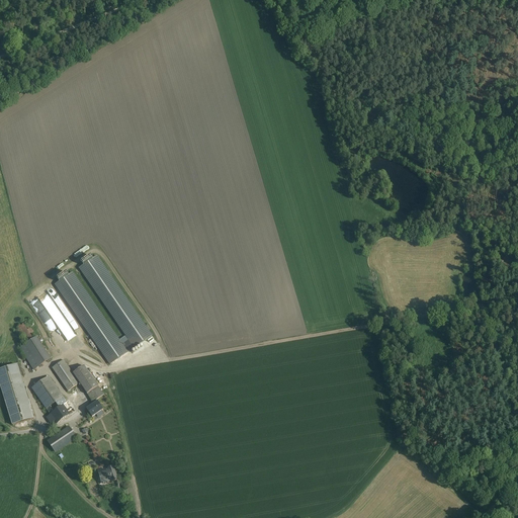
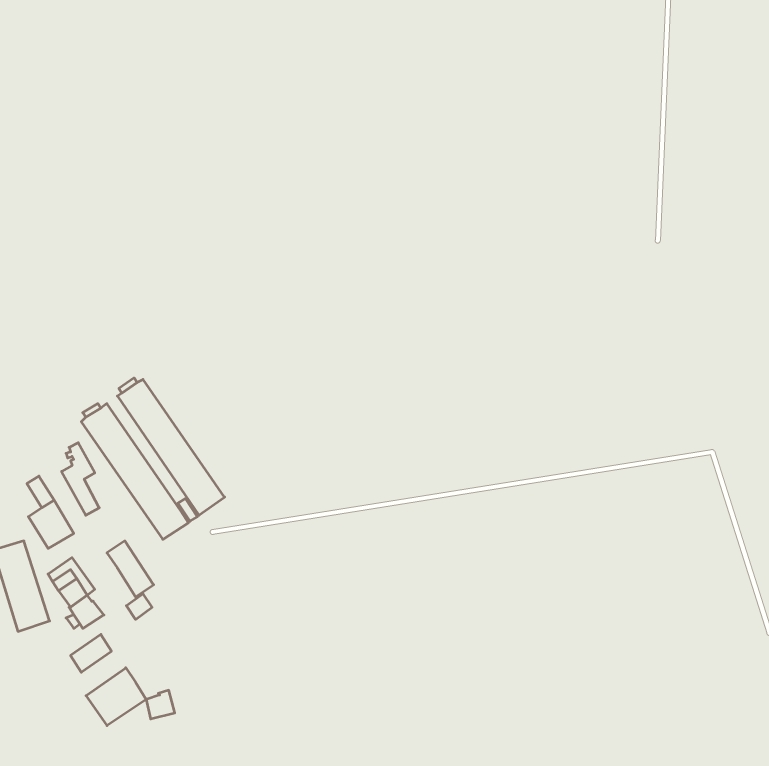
building: [52,359,79,390] -> none
building: none -> [86,668,146,726]

